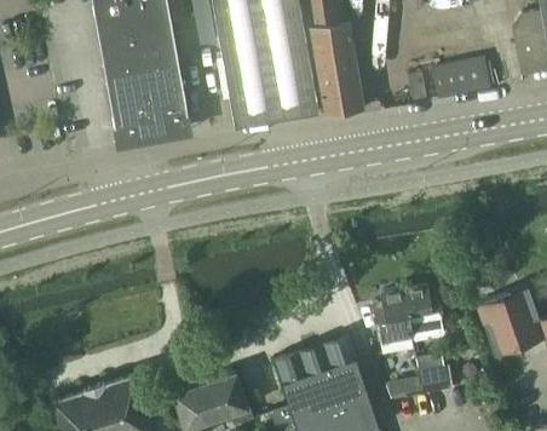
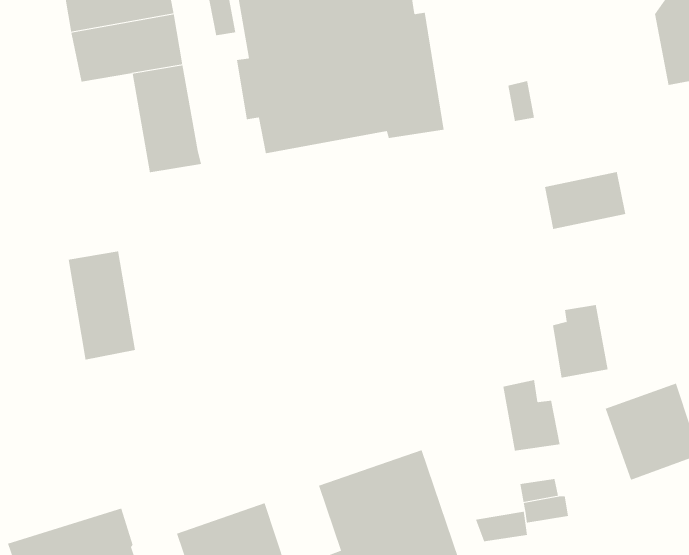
building: [432,59,490,100] -> [544,171,626,230]
building: [105,69,154,146] -> [68,251,136,360]
building: [373,291,413,343] -> [552,305,609,378]

